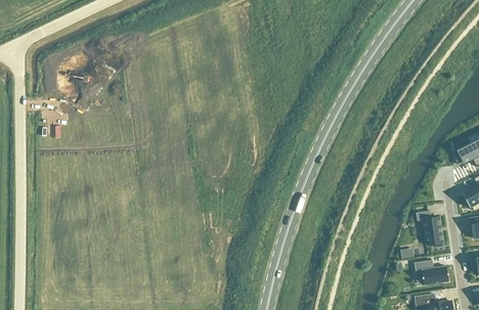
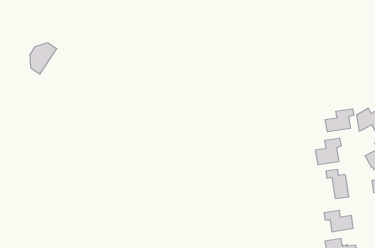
building: none -> [325,109,354,132]
building: none -> [315,138,341,165]

